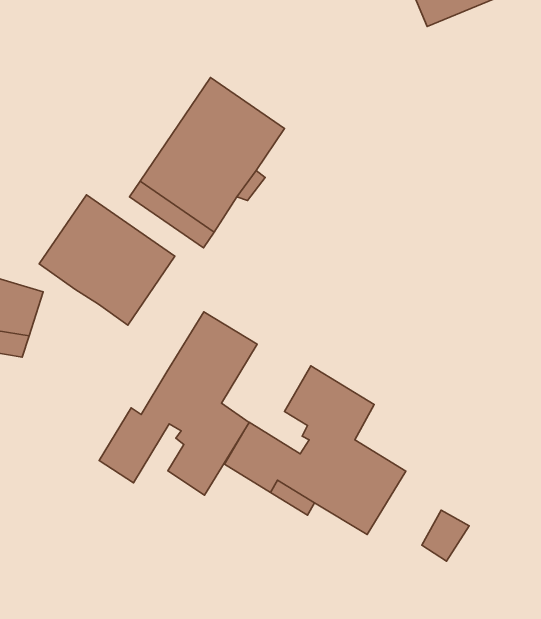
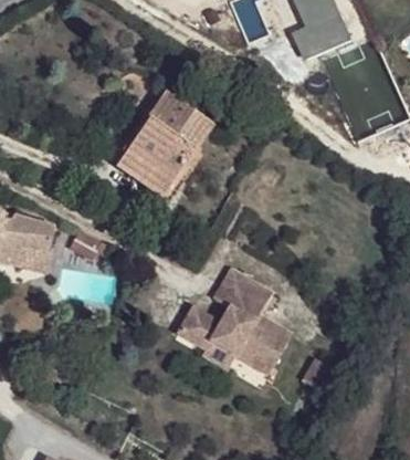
building: [39,195,175,325] -> none
building: [99,312,257,495] -> none

